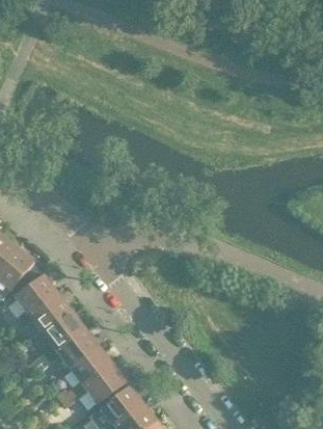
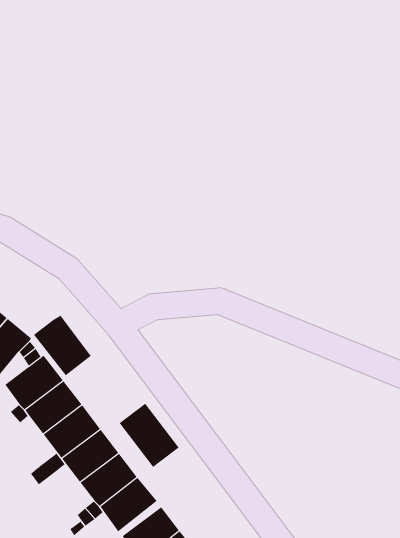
building: none -> [33,315,92,376]
building: none -> [119,403,180,468]

